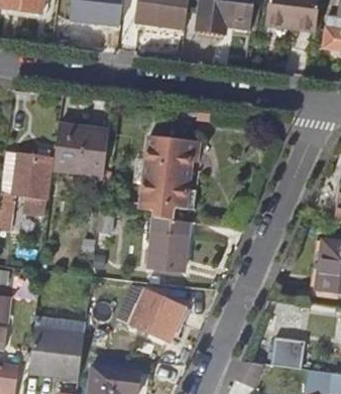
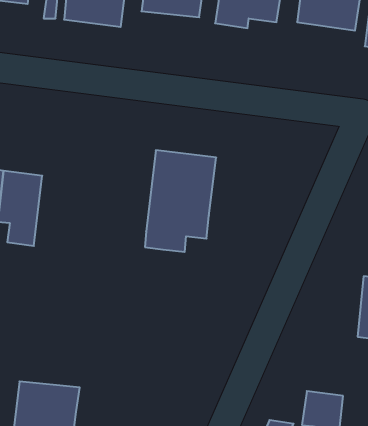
building: [52,125,108,173] -> none
building: [148,218,189,270] -> none
building: [130,291,184,342] -> none

